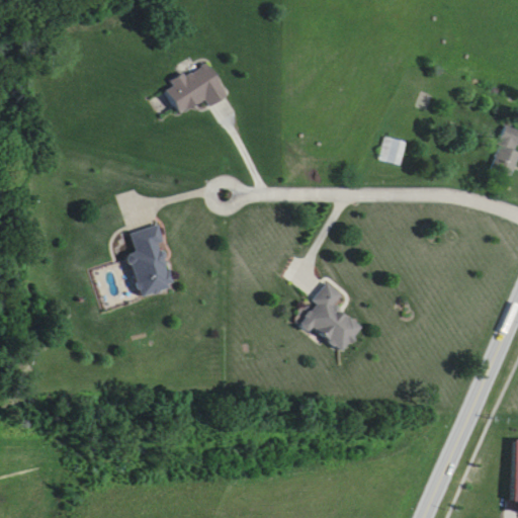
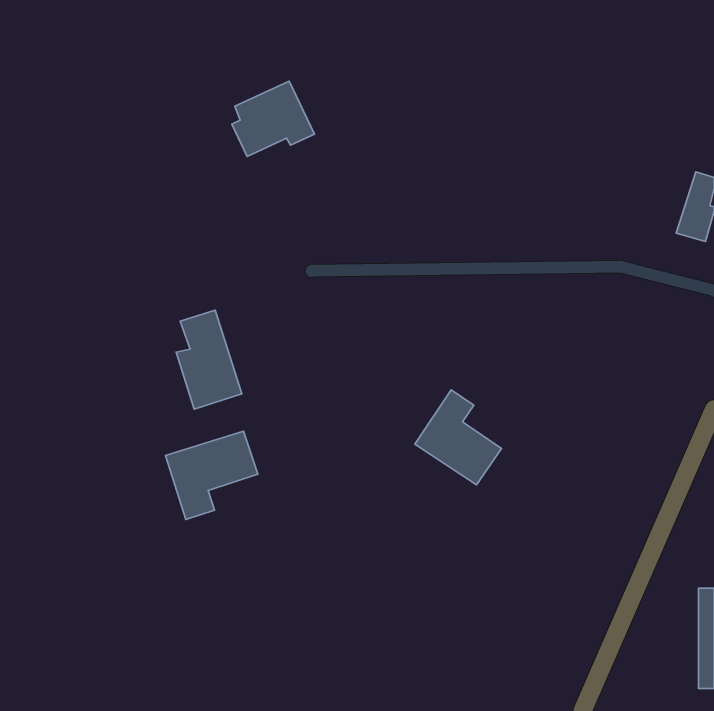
building: [379,136,406,165] -> none
building: none -> [165,431,258,520]

